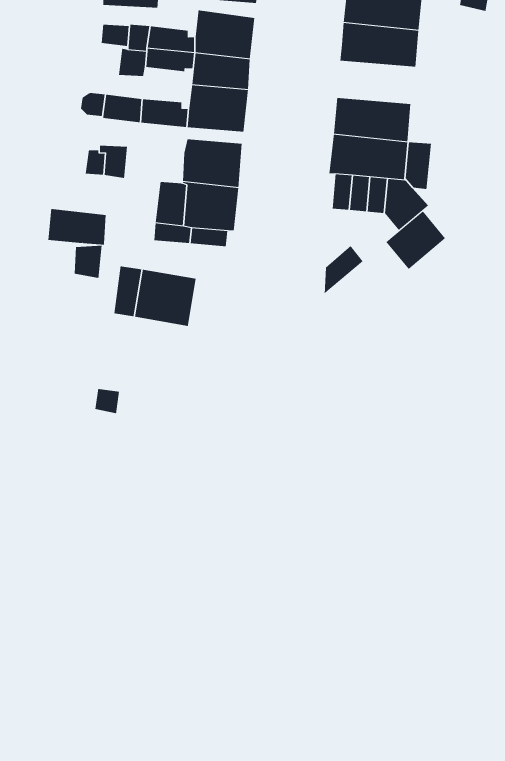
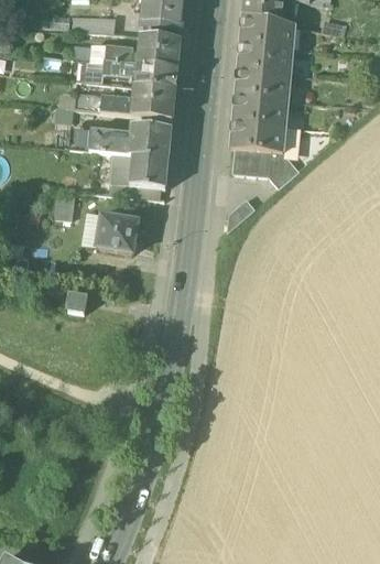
building: none -> [236,68,291,98]
building: [47,208,106,245] -> [89,128,130,153]
building: [386,210,446,270] -> none

